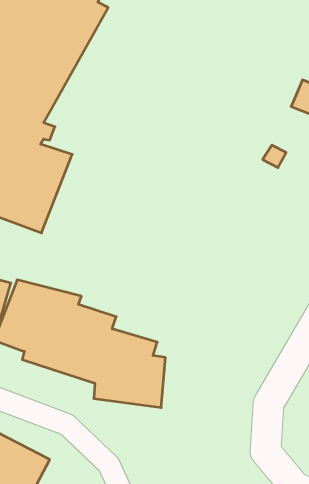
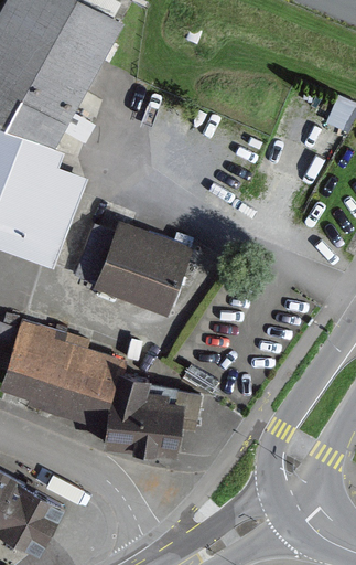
building: none -> [97,220,196,315]

